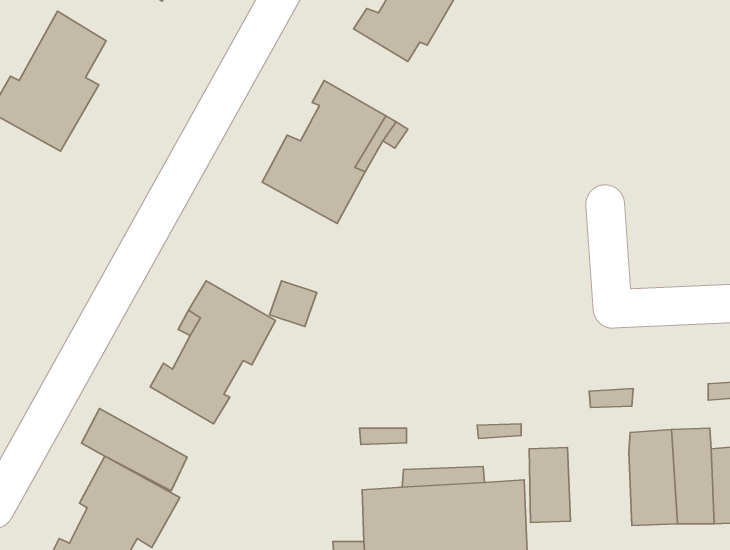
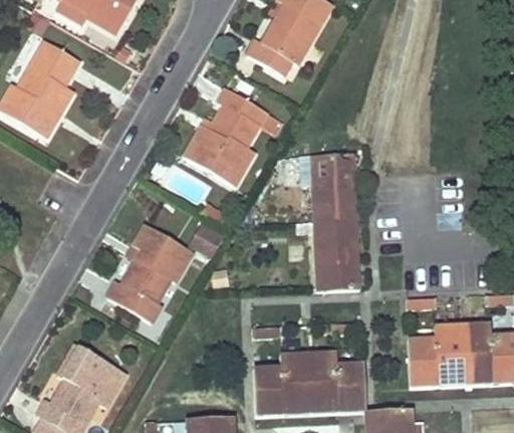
building: none -> [297,152,359,288]
building: [81,408,187,491] -> none
building: [529,447,570,523] -> [408,341,436,392]

